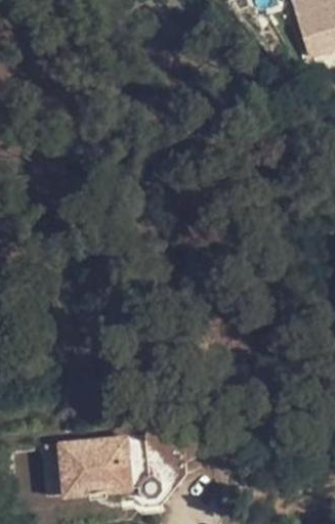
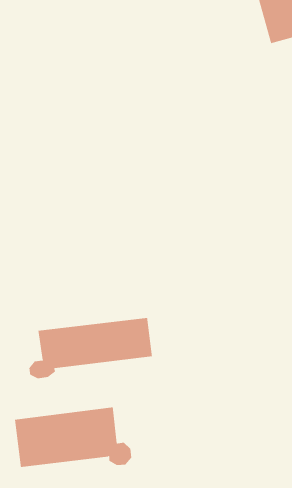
building: none -> [29,317,152,379]

